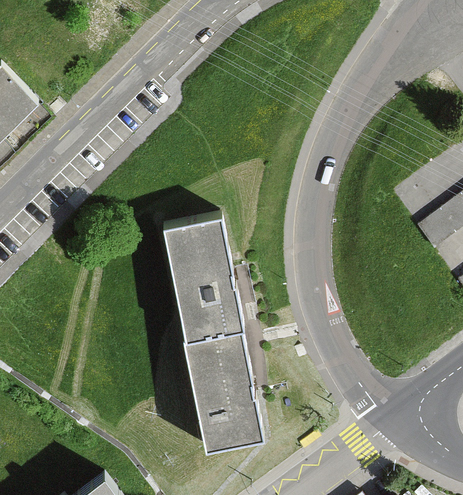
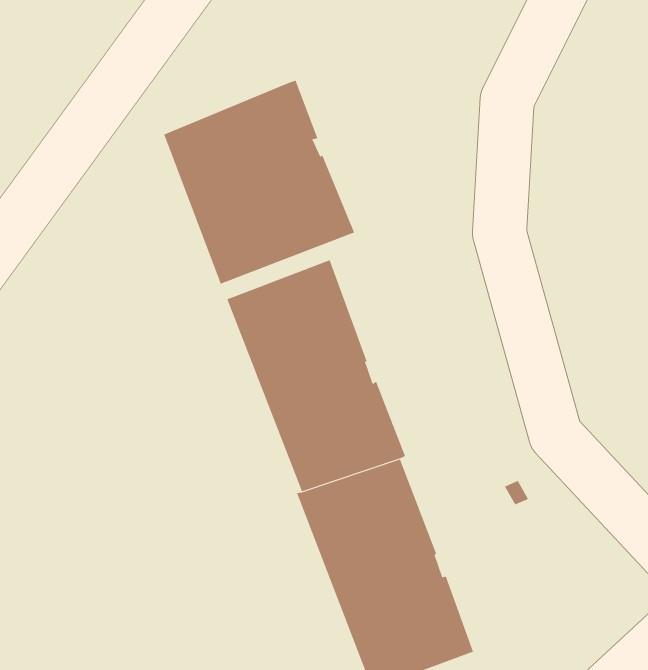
building: none -> [164,80,355,285]

